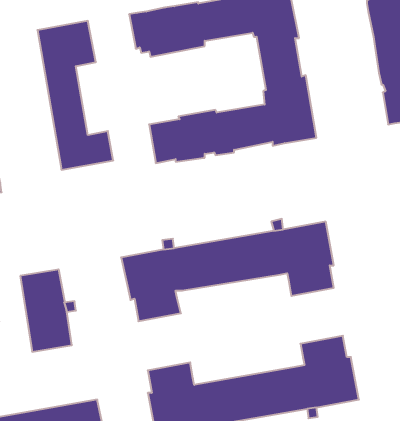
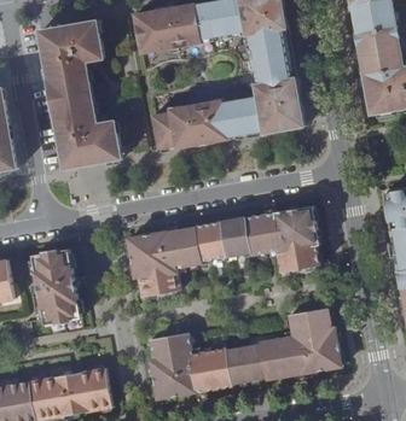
building: none -> [37,30,121,170]

